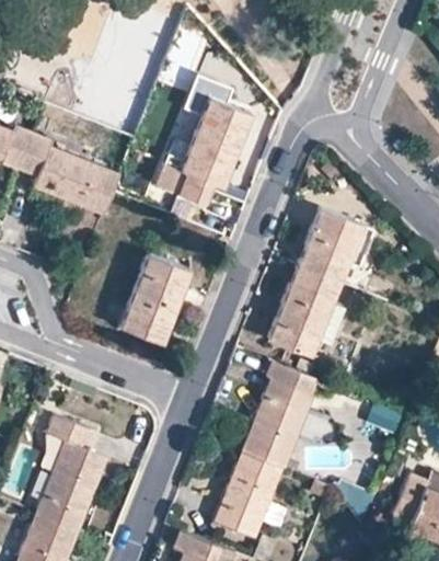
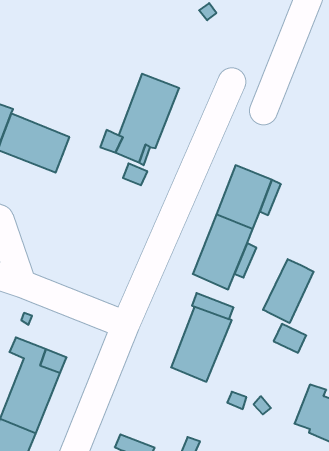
building: [119,255,190,345] -> none
building: none -> [263,259,314,323]
building: [213,453,285,539] -> none

